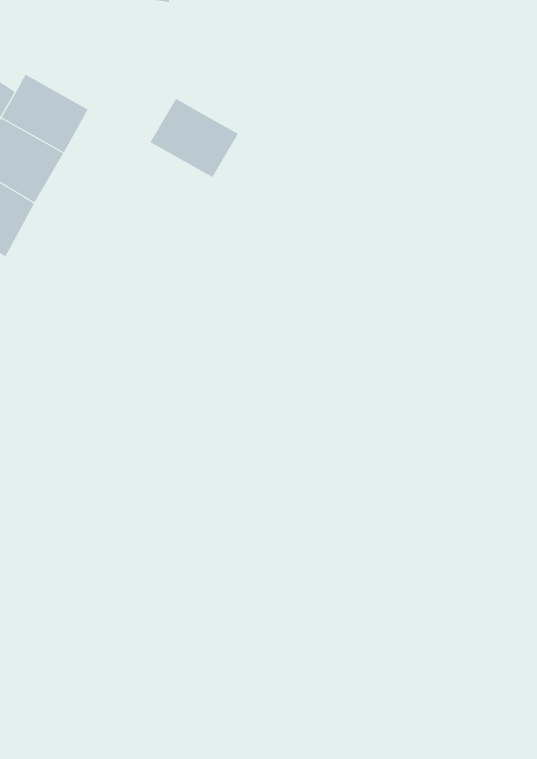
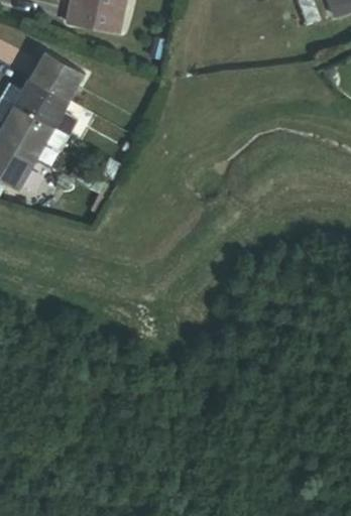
building: [150,98,239,178] -> [29,49,85,99]

